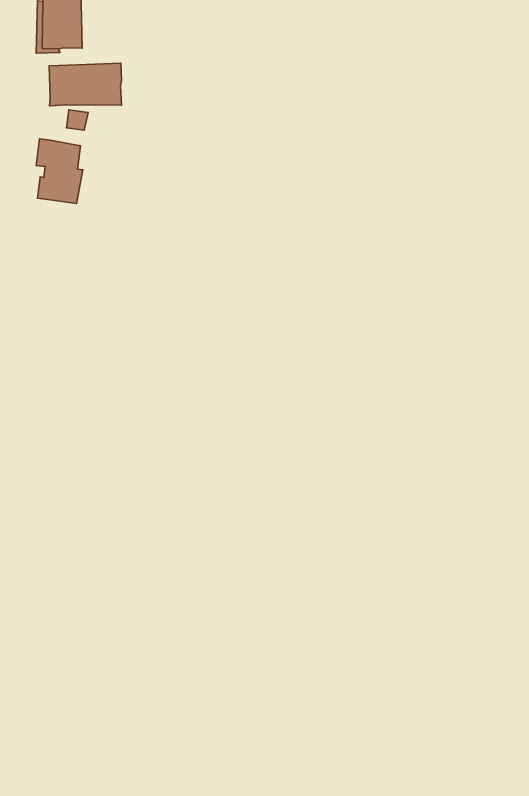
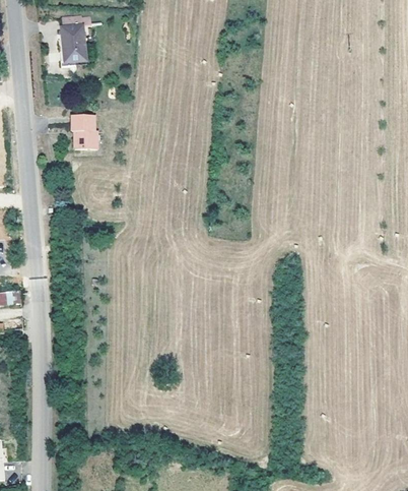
building: [49,63,122,106] -> none

